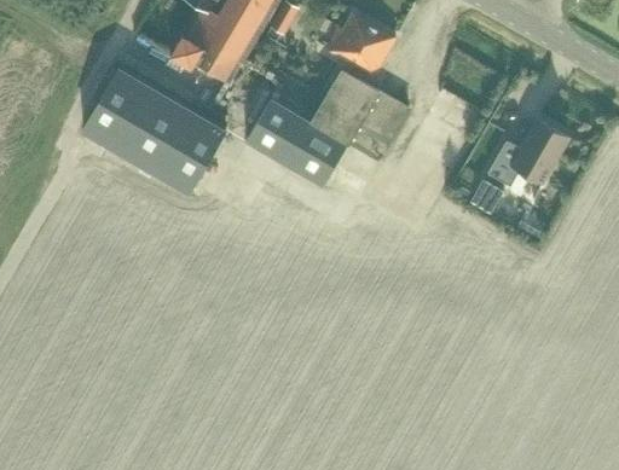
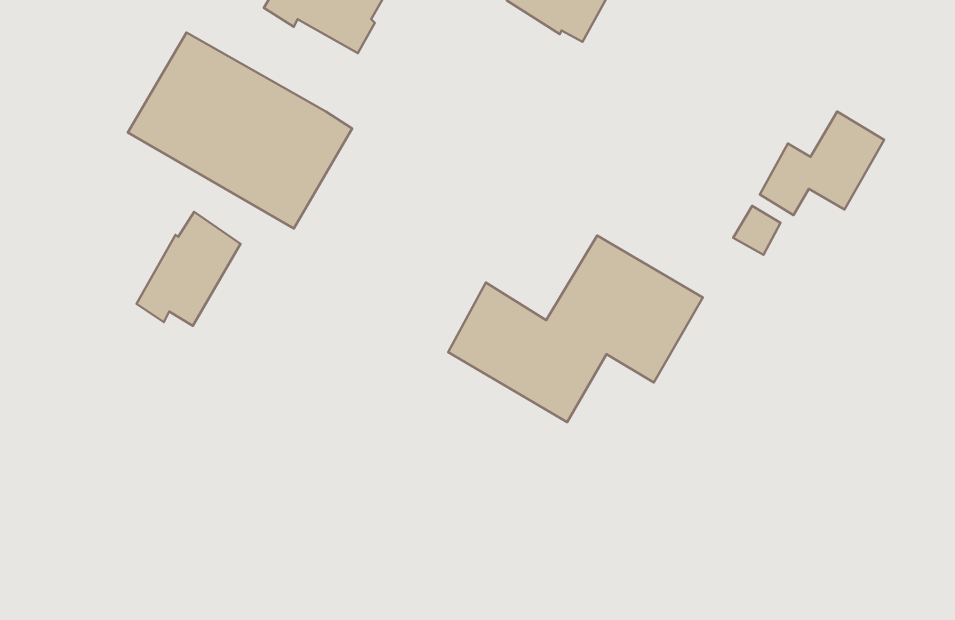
building: [245,68,409,187] -> [448,235,703,422]
building: none -> [136,212,241,326]

